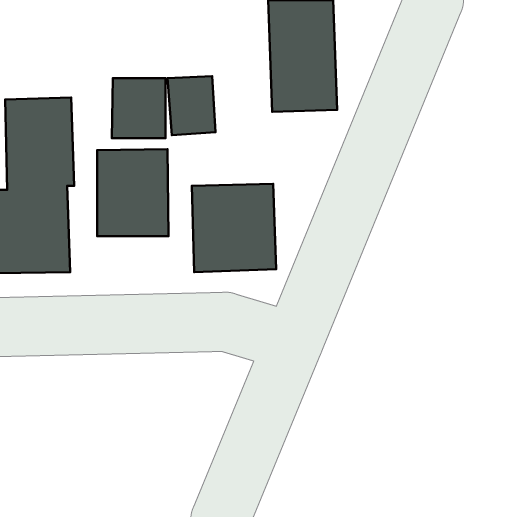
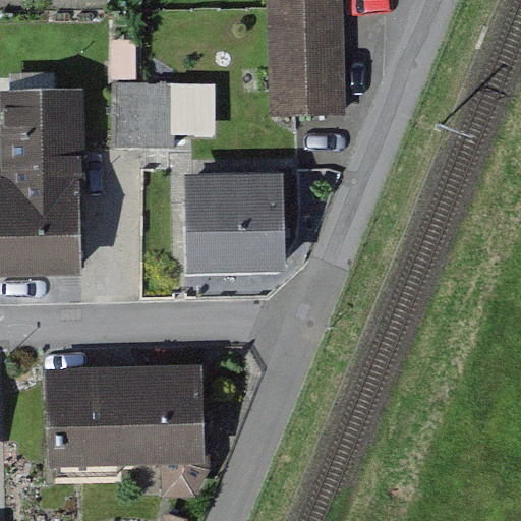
building: [97,149,169,236] -> none
building: none -> [50,361,215,468]

